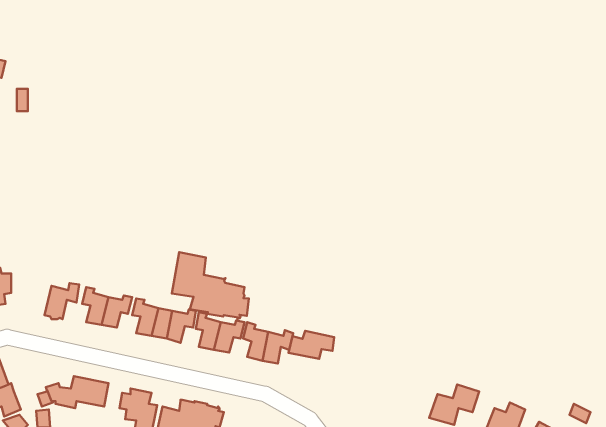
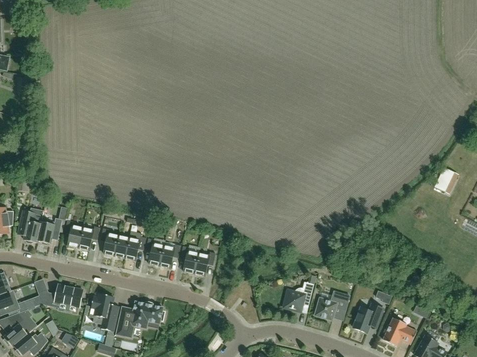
building: [172,252,249,319] -> none
building: none -> [18,210,42,243]
building: [288,331,334,359] -> none
building: none -> [283,282,314,312]

